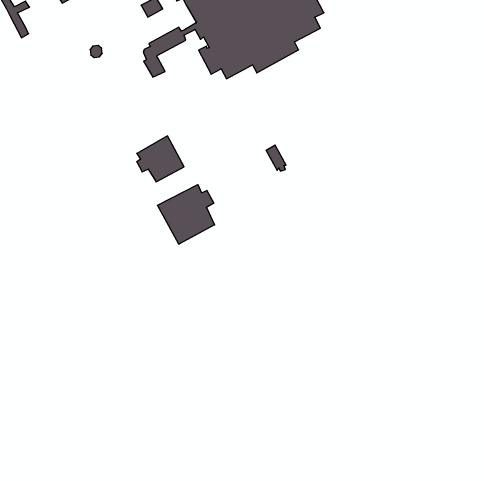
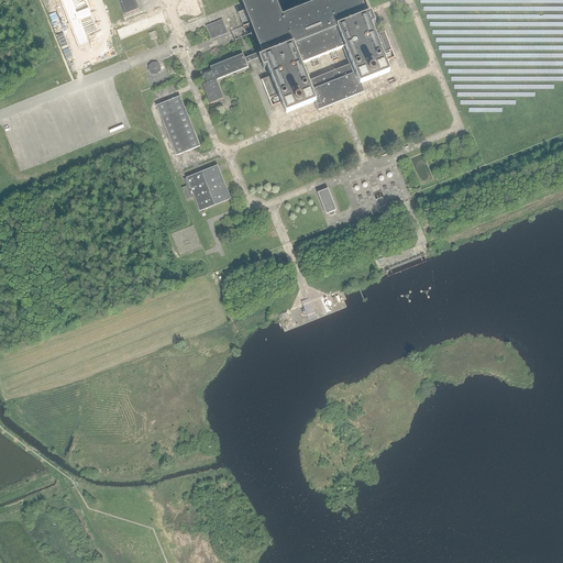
building: none -> [156,92,199,152]
building: [157,185,215,244] -> none

